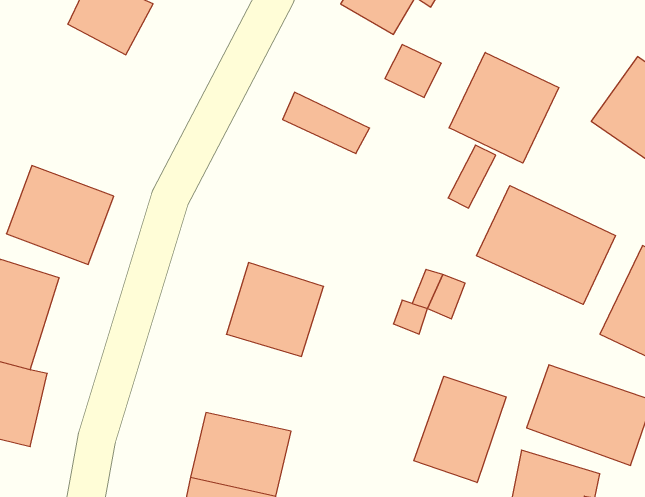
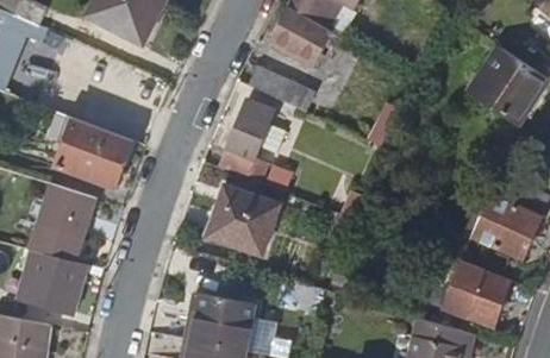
building: none -> [269,14,327,65]
building: [449,52,559,163] -> none
building: none -> [220,101,271,184]
building: [476,186,615,304] -> none
building: [414,376,506,483] -> none

